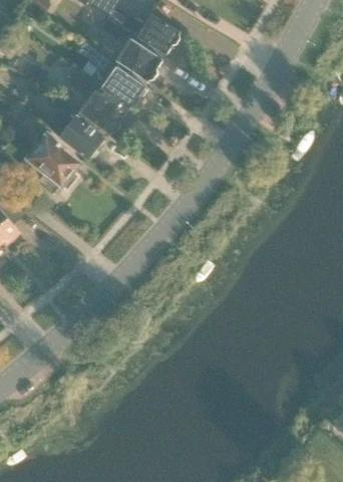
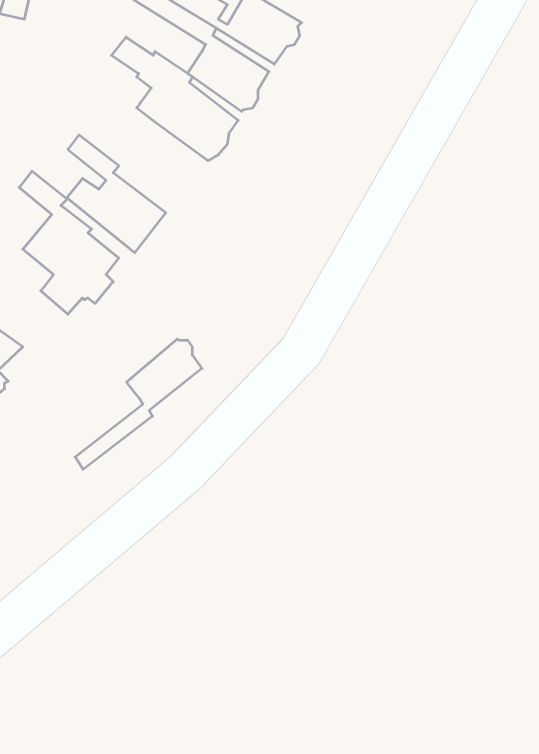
building: [66,62,128,134] -> none
building: none -> [75,339,202,469]

